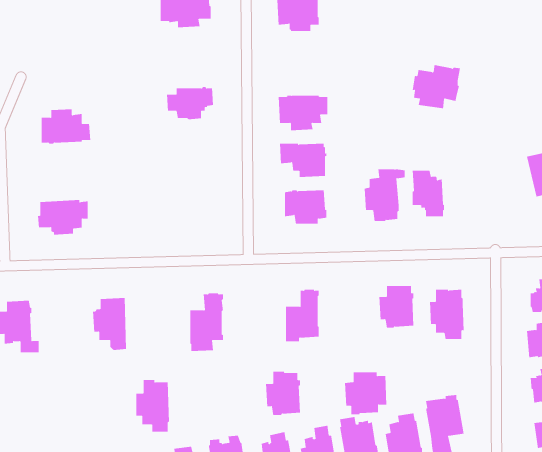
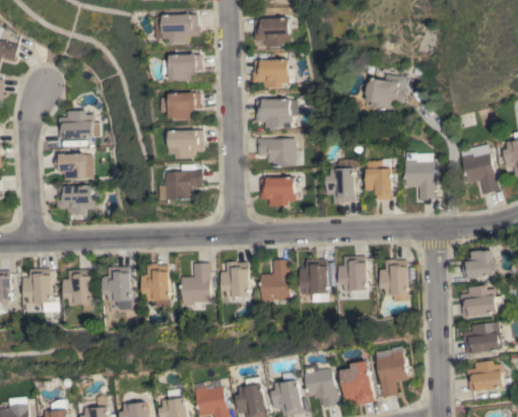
building: none -> [171,54,202,81]
building: none -> [252,60,294,88]
building: none -> [170,130,205,159]
building: none -> [405,152,435,200]
building: none -> [55,154,88,181]
building: none -> [160,170,204,200]
building: none -> [63,270,91,311]
building: [265,371,301,415] -> [220,262,250,298]
building: [344,372,387,415] -> [300,260,335,295]
building: [135,380,170,432] -> [141,264,170,307]

